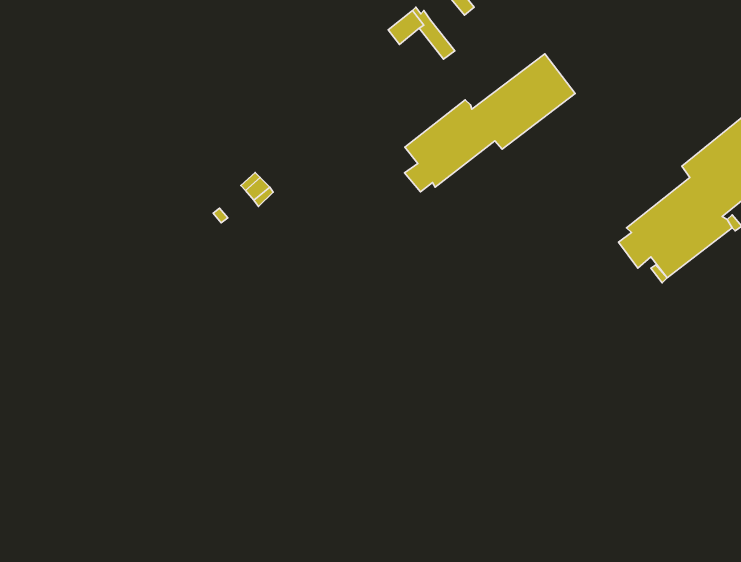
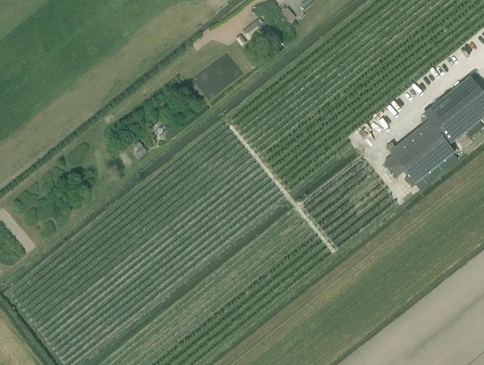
building: [405,54,575,192] -> none

